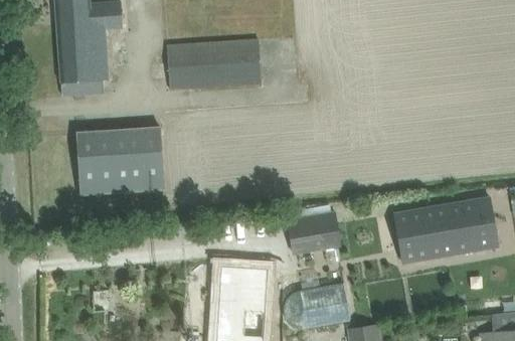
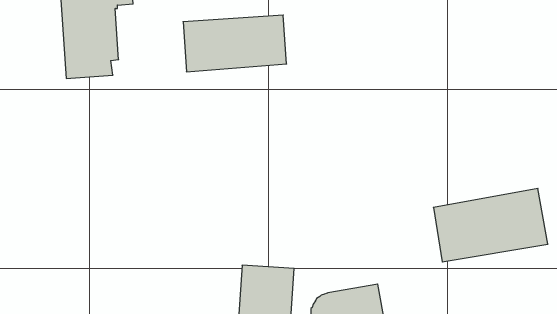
building: [75,129,163,193] -> none
building: [286,212,340,253] -> none

